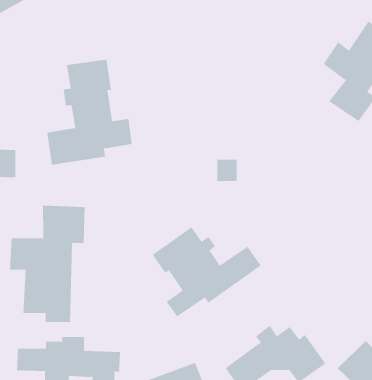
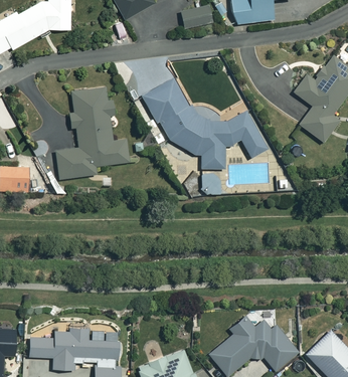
building: none -> [143,76,268,168]
building: [10,205,85,323] -> none
building: [152,226,262,317] -> none

